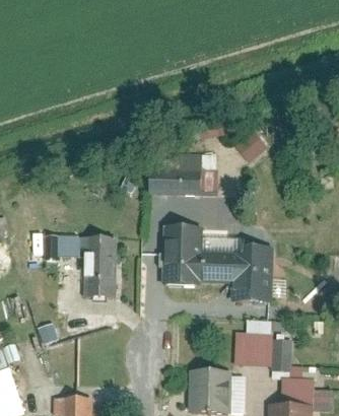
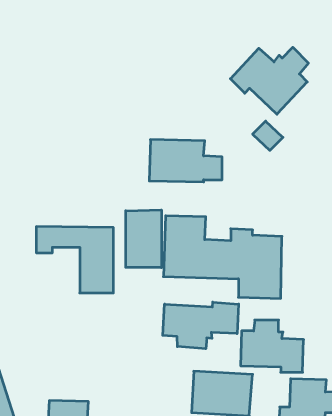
building: none -> [230,47,308,114]
building: none -> [126,210,161,268]
building: none -> [163,302,239,349]

